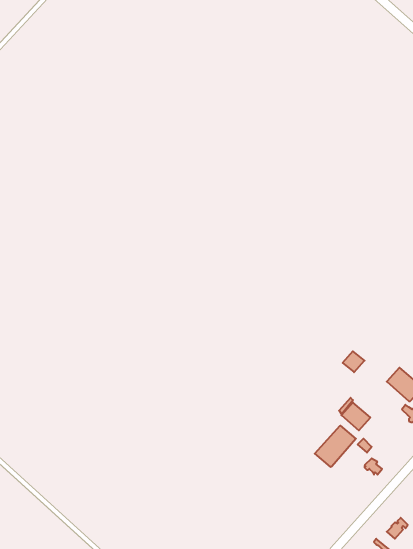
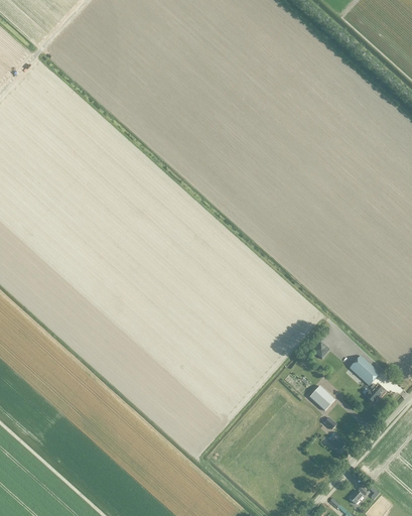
building: [315,426,356,467] -> none

